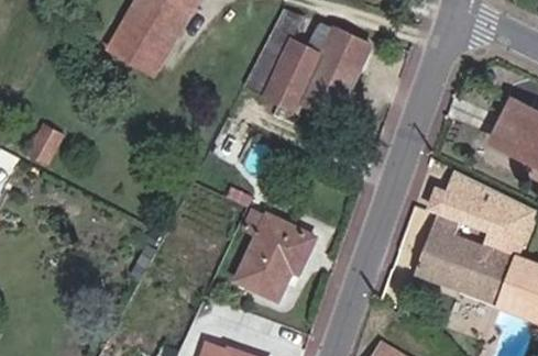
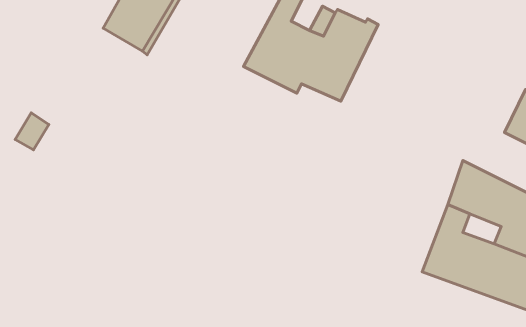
building: [238,209,315,297] -> none

